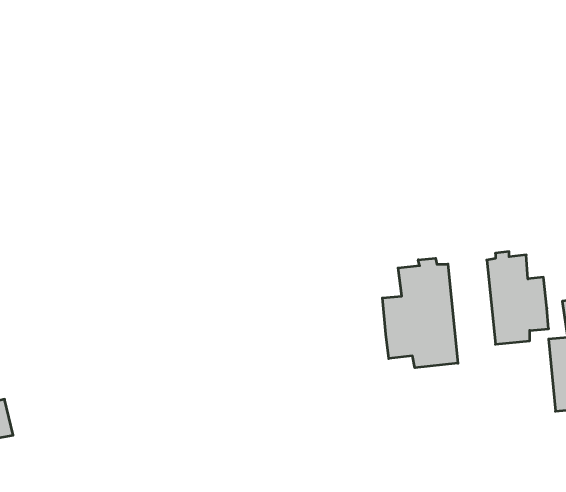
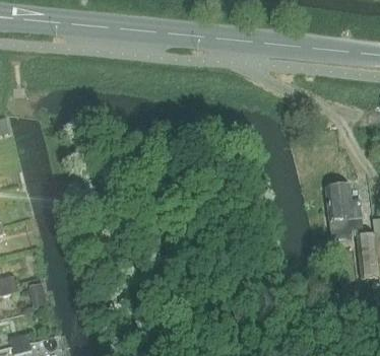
building: [382,258,458,368] -> none

